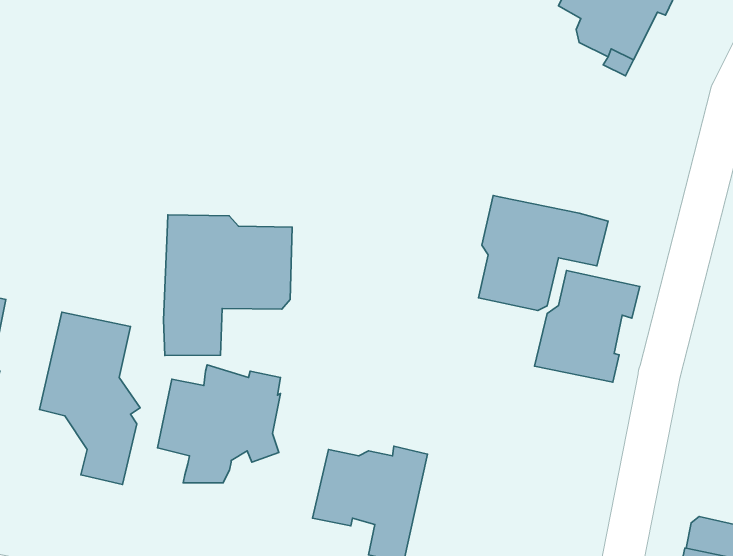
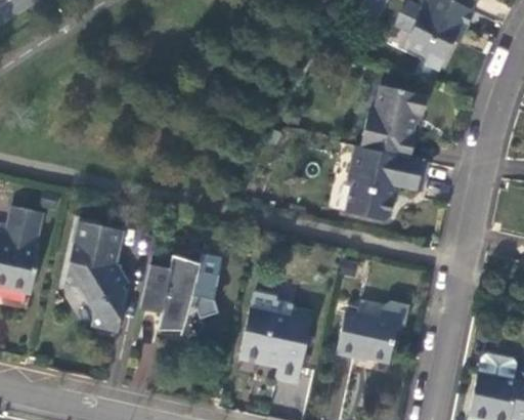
building: [164,215,292,356] -> none
building: [534,270,640,382] -> [360,86,428,158]
building: none -> [336,311,397,363]

